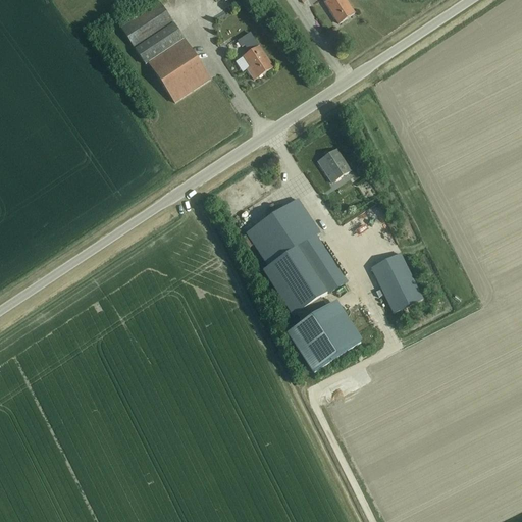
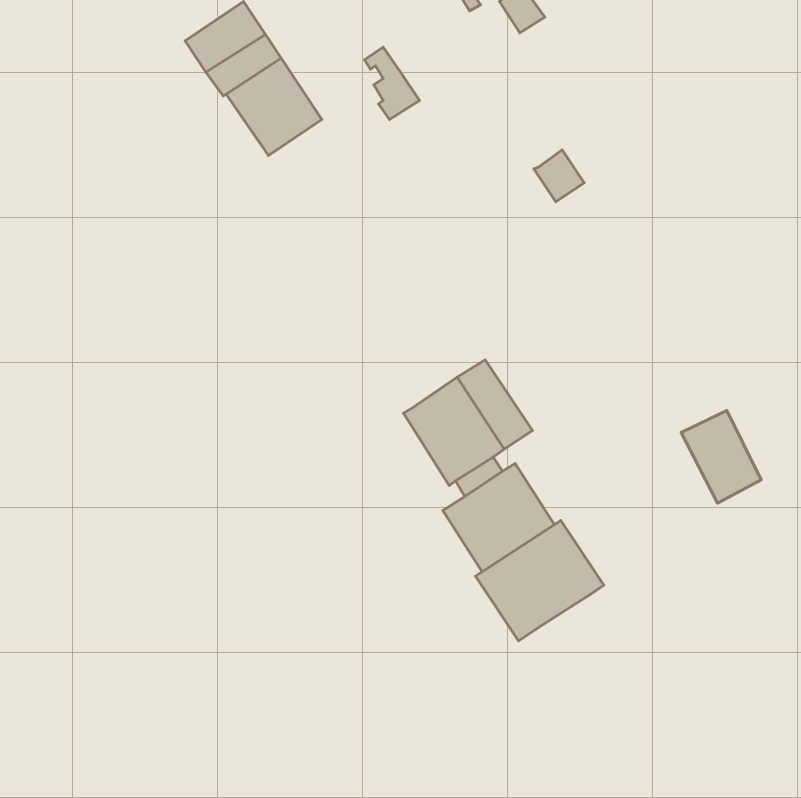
building: [317,148,350,181] -> [534,150,584,202]
building: [246,198,318,265] -> none
building: [370,252,422,312] -> [681,411,761,503]
building: none -> [476,521,604,641]

